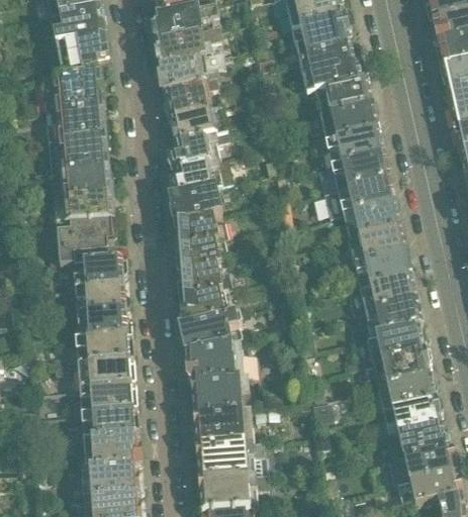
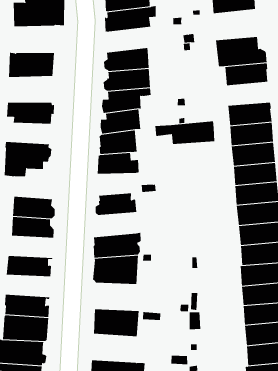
building: [291,15,351,61] -> none
building: [160,53,224,94] -> none
building: [41,70,102,110] -> none
building: [299,103,377,139] -> [154,121,215,145]
building: [48,132,107,173] -> none
building: [53,192,113,221] -> none
building: [175,238,226,273] -> none
building: [72,258,126,288] -> none
building: [178,288,232,325] -> none
building: [74,333,133,363] -> none
building: [190,377,250,414] -> none
building: [78,382,136,411] -> none
building: [196,440,264,478] -> none

